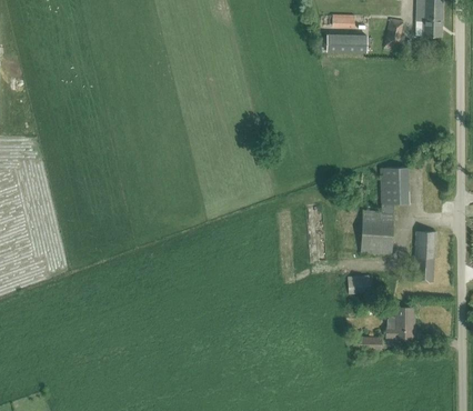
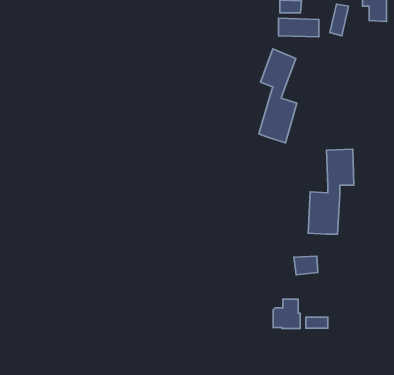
building: none -> [259,49,297,143]
building: [411,231,436,282] -> none
building: [386,308,414,338] -> [273,299,300,328]

